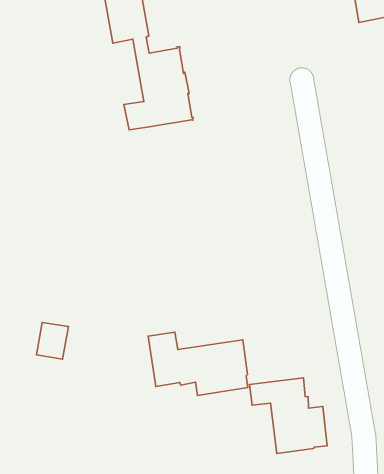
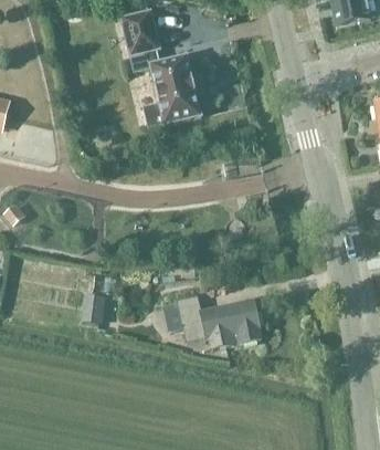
building: [250,378,327,454] -> none

